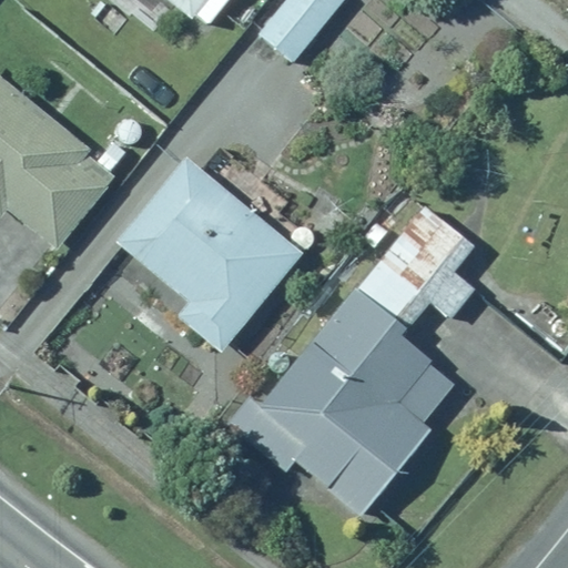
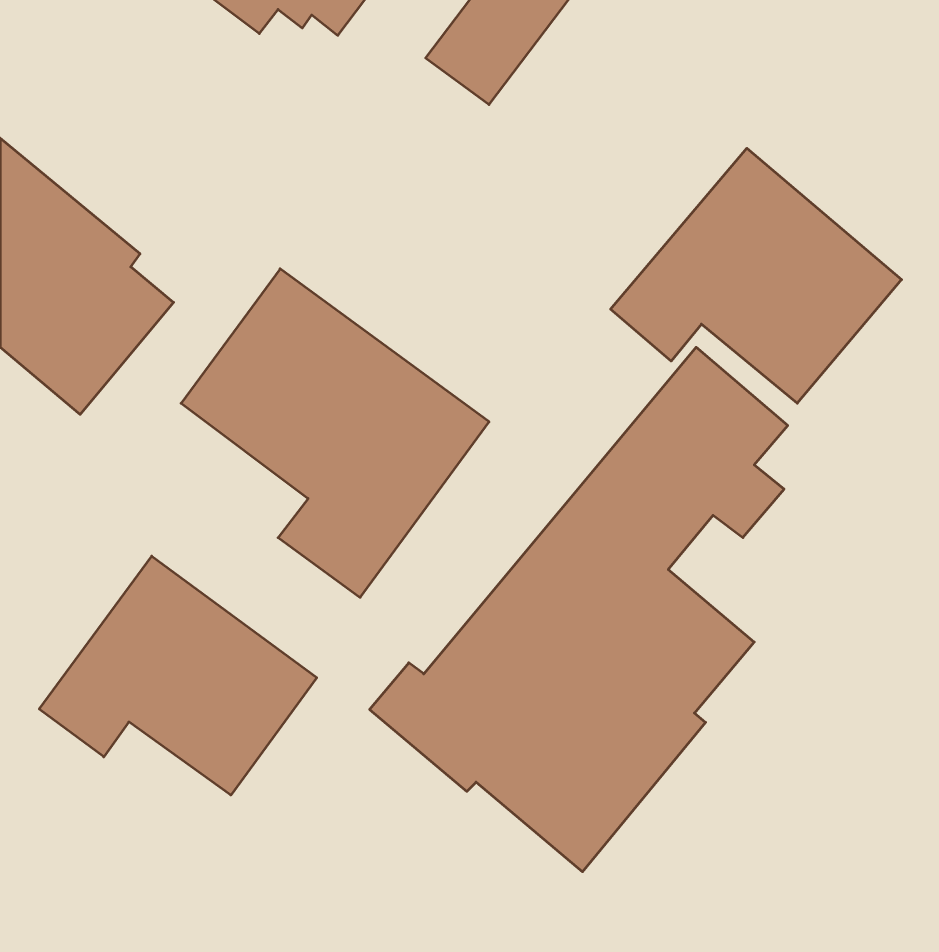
building: none -> [611,148,902,403]
building: none -> [39,556,317,795]

